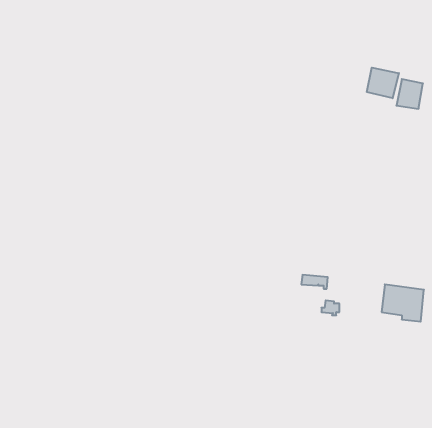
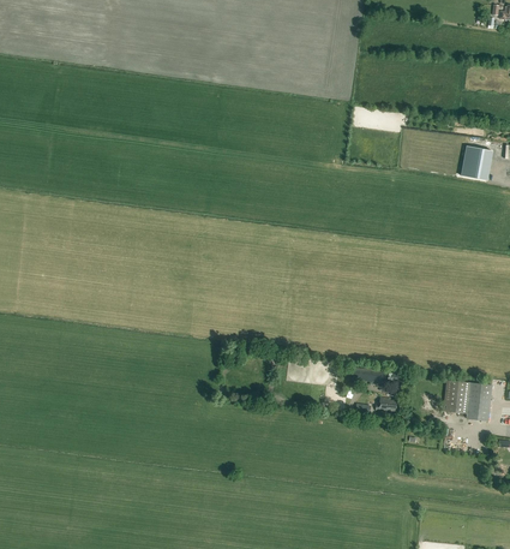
building: [367,68,399,98] -> none

